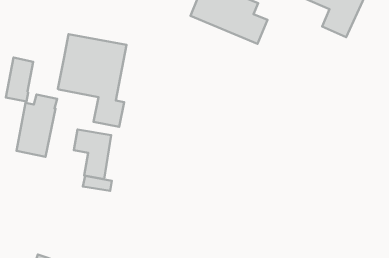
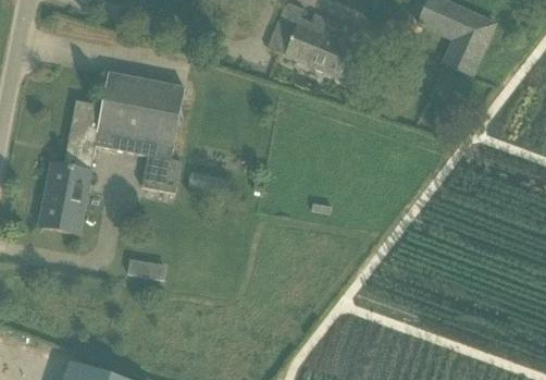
building: [6,58,33,101] -> [66,99,102,157]
building: [74,130,111,179] -> none

